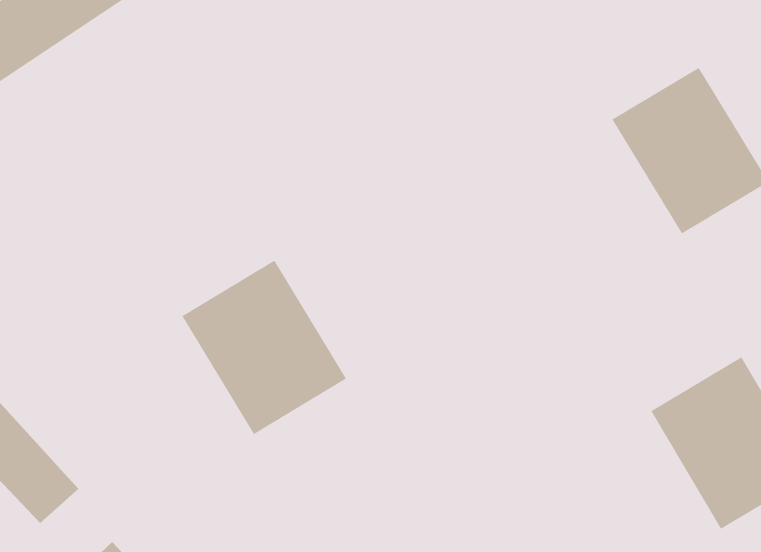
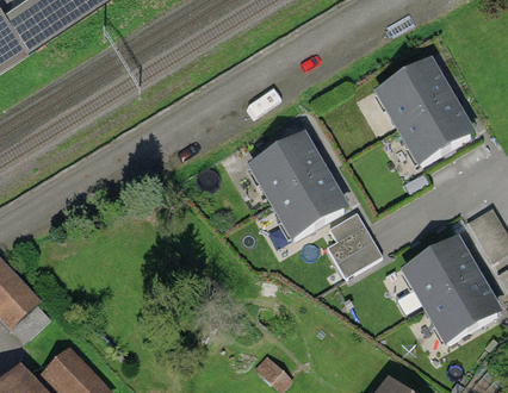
building: [182,260,347,435] -> [248,132,349,239]
building: none -> [328,225,380,274]

